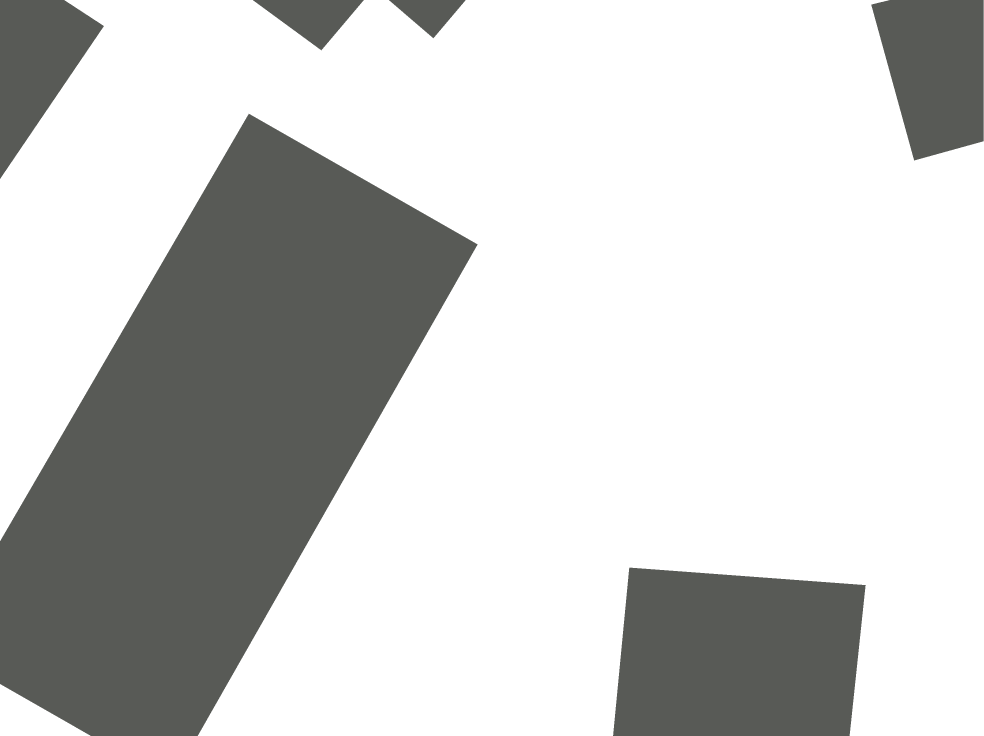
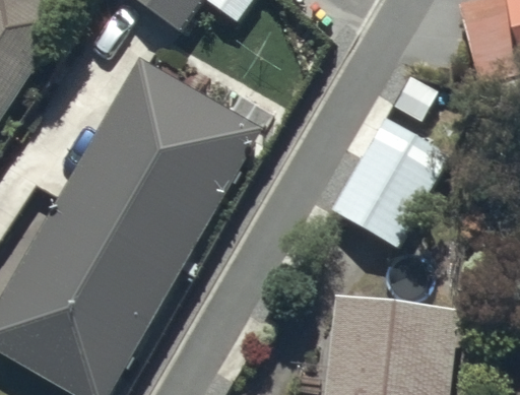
building: none -> [333,116,453,245]

